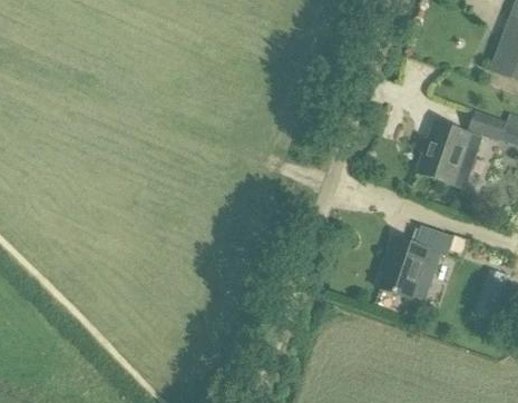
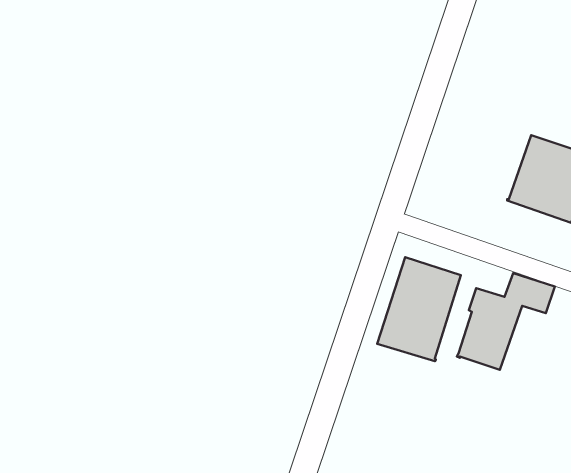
building: none -> [377,257,461,361]

